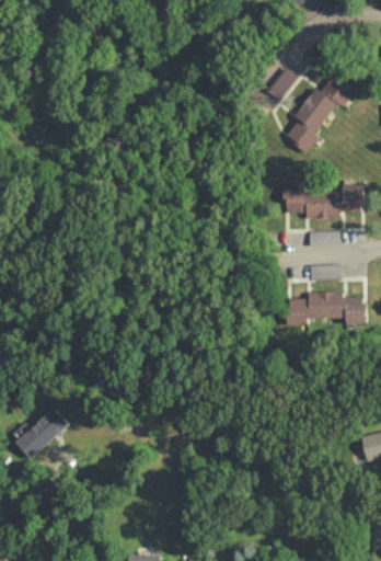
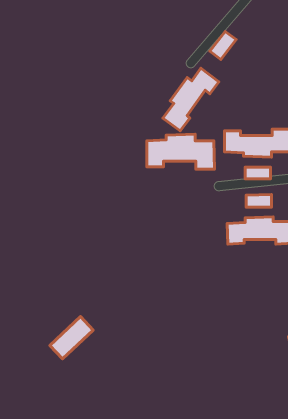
building: [286,77,354,152] -> [163,68,219,131]
building: none -> [147,134,215,169]
building: [16,408,69,459] -> [50,316,93,359]

